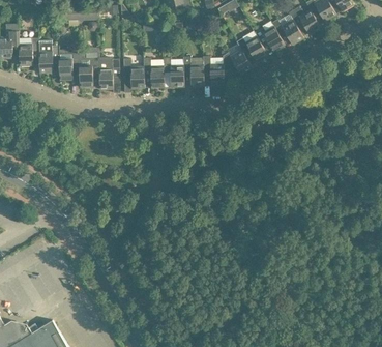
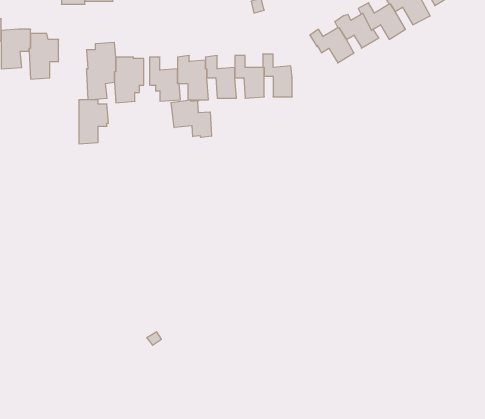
building: [58,49,79,80] -> [79,100,108,144]
building: [222,49,251,75] -> none
building: none -> [171,100,211,137]

